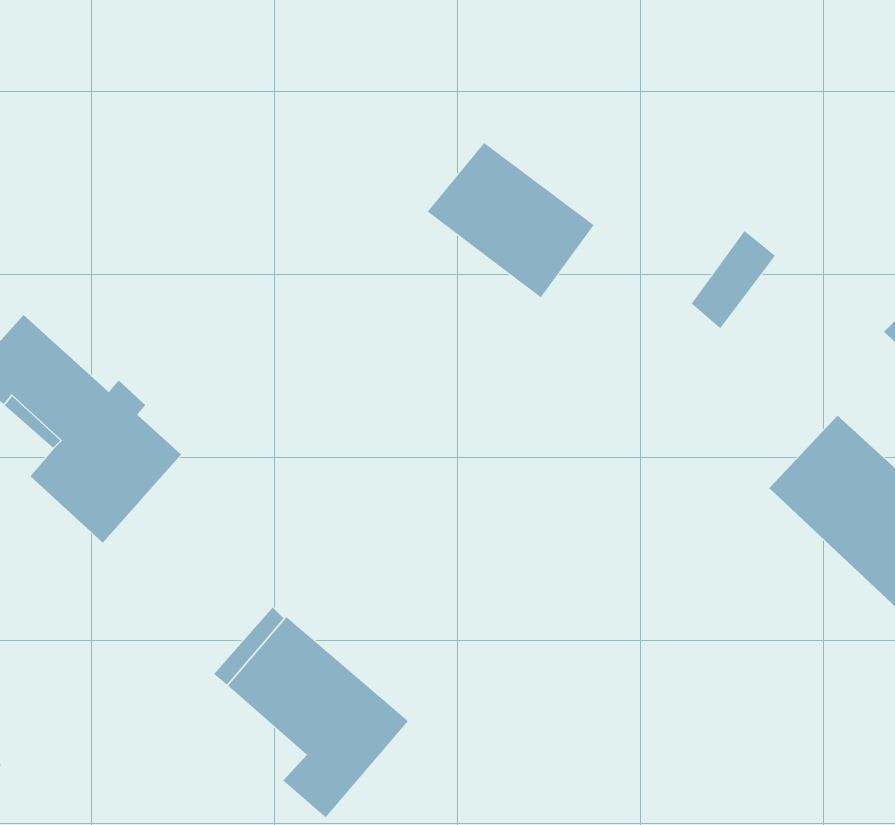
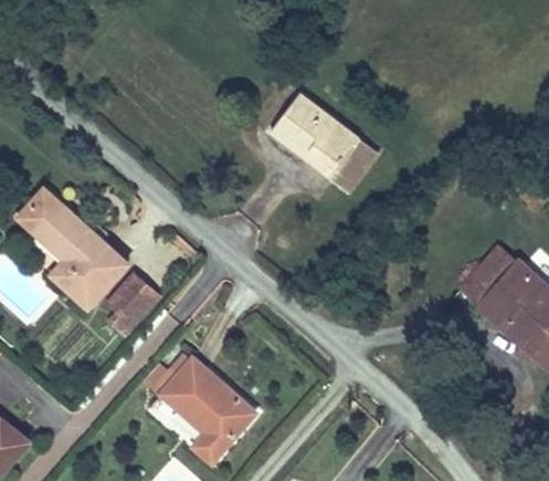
building: [691,230,776,329] -> [332,137,380,192]
building: none -> [96,272,161,338]

